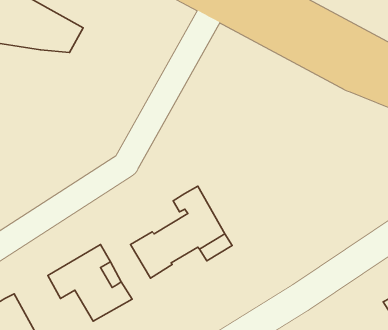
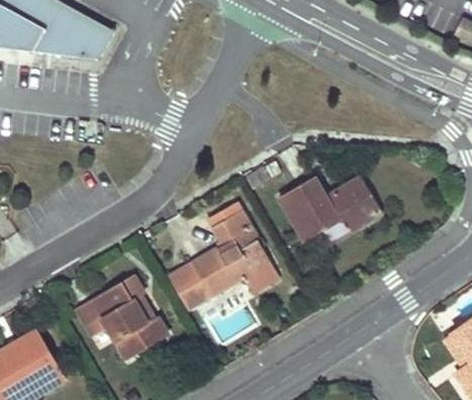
building: none -> [279,173,382,238]

